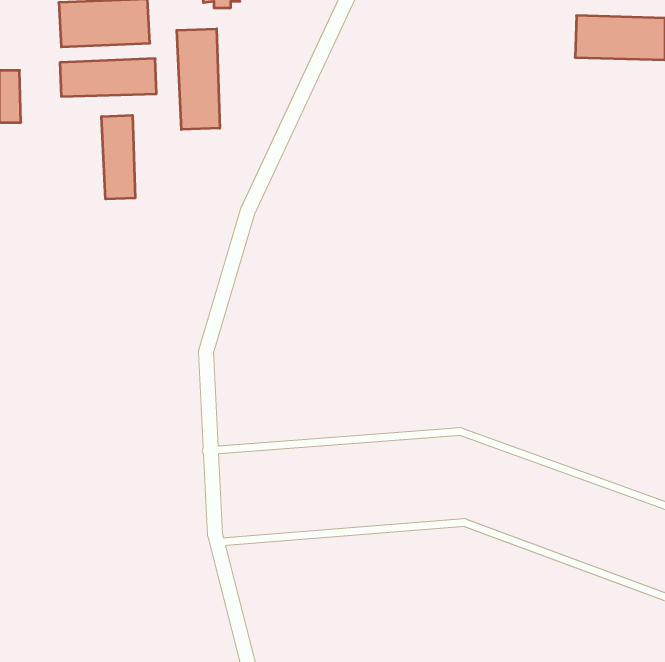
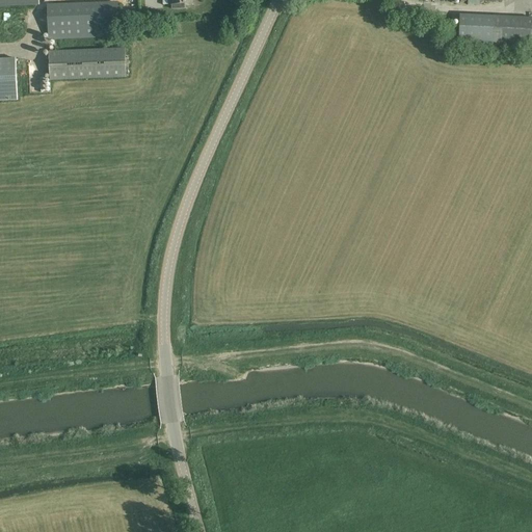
building: [177,29,220,130] -> none
building: [102,115,135,199] -> none

